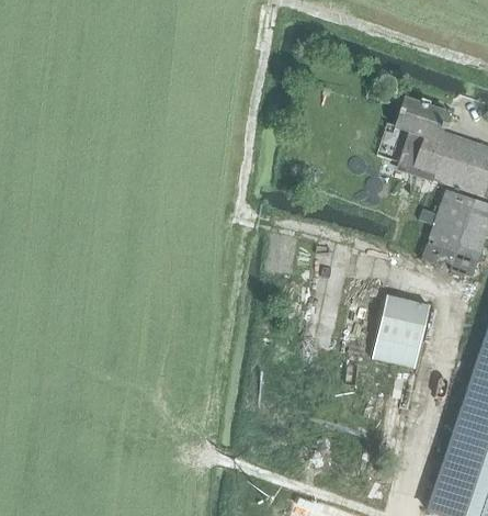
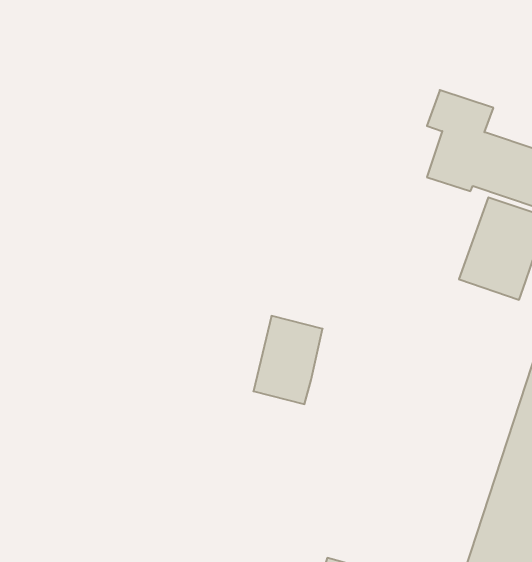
building: [372,293,431,369] -> [253,316,323,404]

